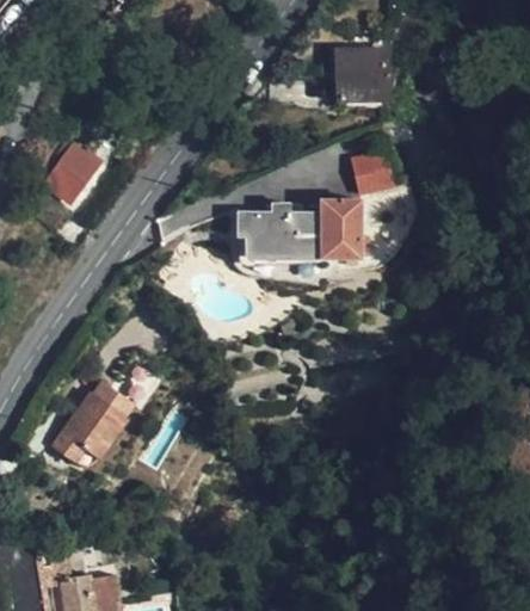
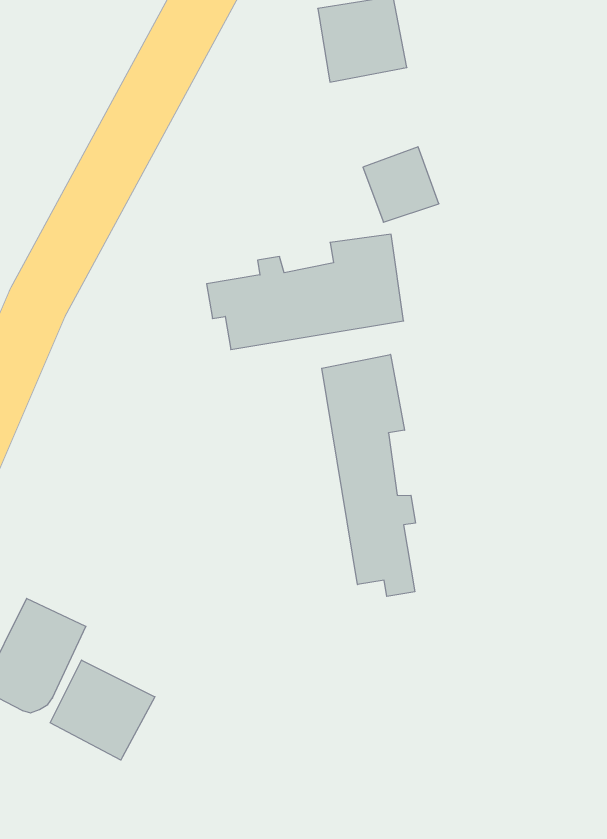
building: none -> [322,354,415,596]
building: none -> [50,660,155,760]

